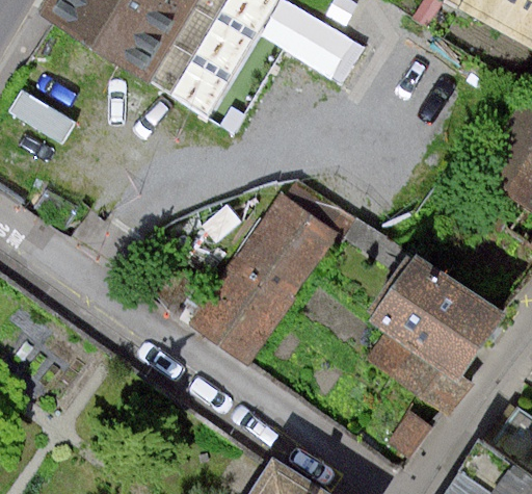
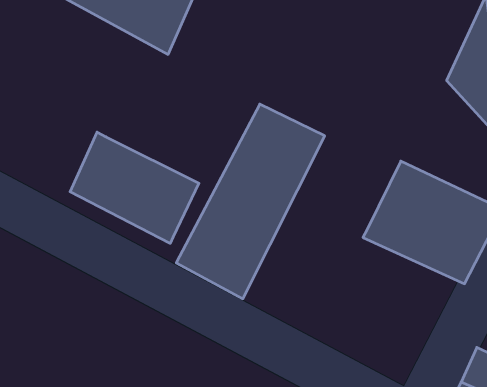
building: none -> [70,132,199,243]
building: [363,311,478,414] -> none

